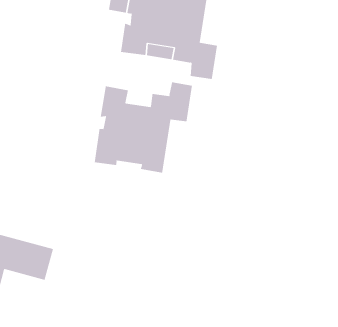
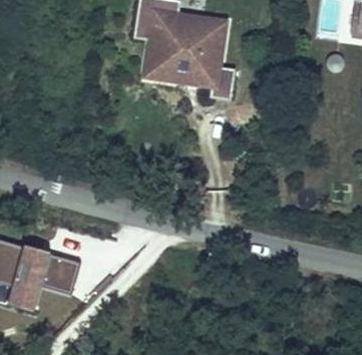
building: [94,82,192,174] -> none

